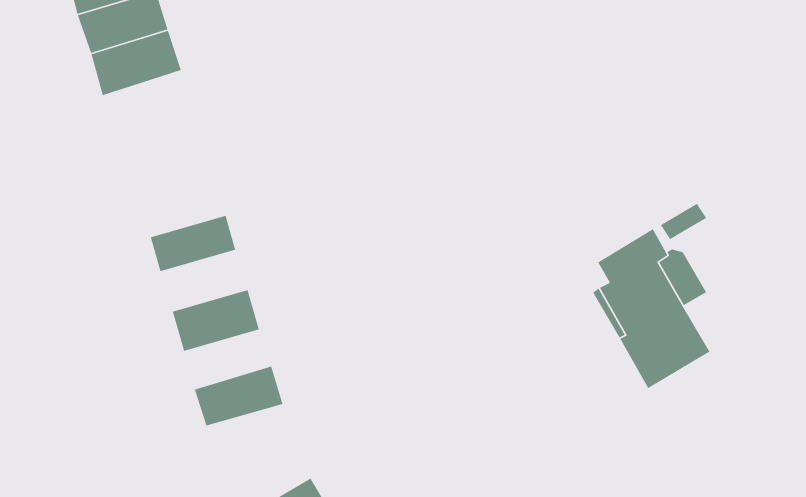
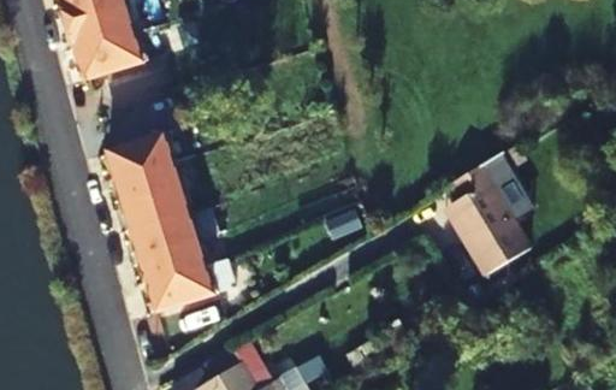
building: none -> [111,136,172,178]
building: none -> [125,188,188,231]
building: none -> [142,244,205,286]

